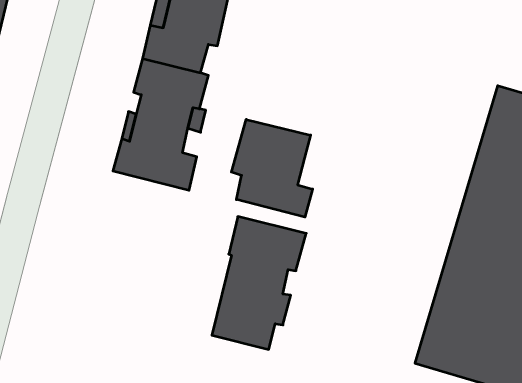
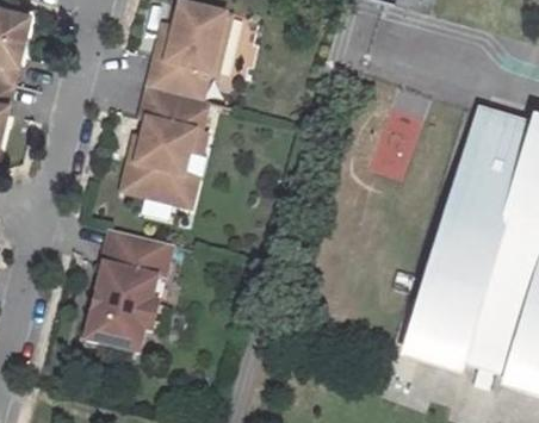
building: [231,119,313,217] -> none
building: [212,217,306,349] -> [86,229,173,352]

